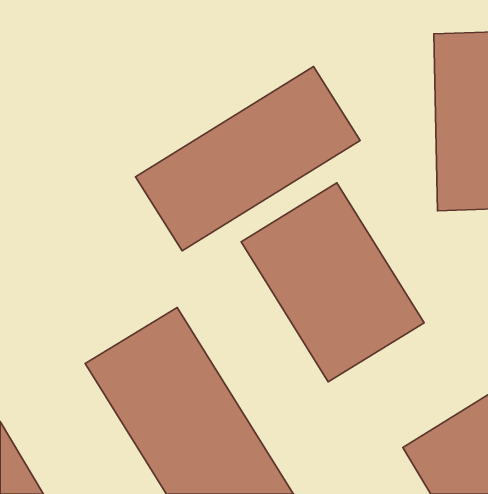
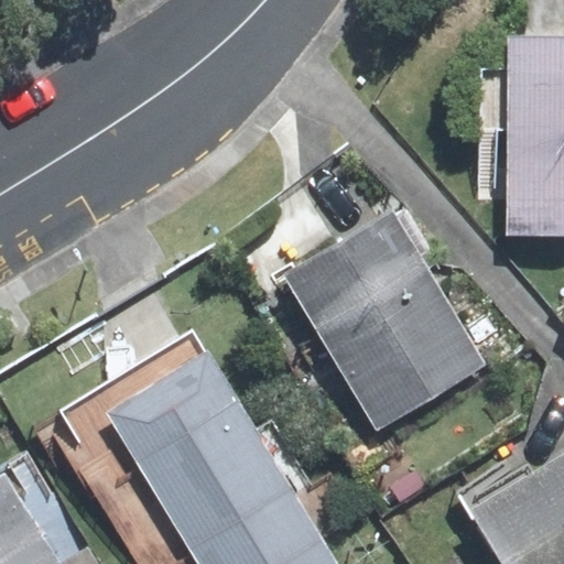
building: [136,67,360,251] -> none

